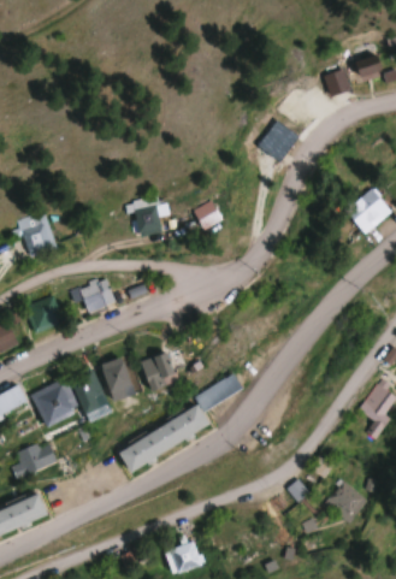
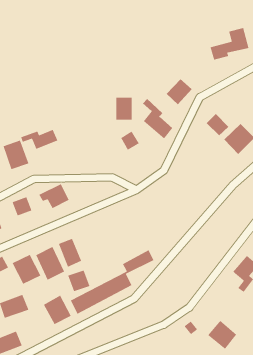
building: none -> [142,98,173,140]
building: none -> [206,113,229,136]
building: none -> [20,129,59,150]
building: [135,197,160,232] -> [116,97,133,121]
building: [141,353,176,386] -> [67,269,91,292]
building: none -> [43,295,72,325]

